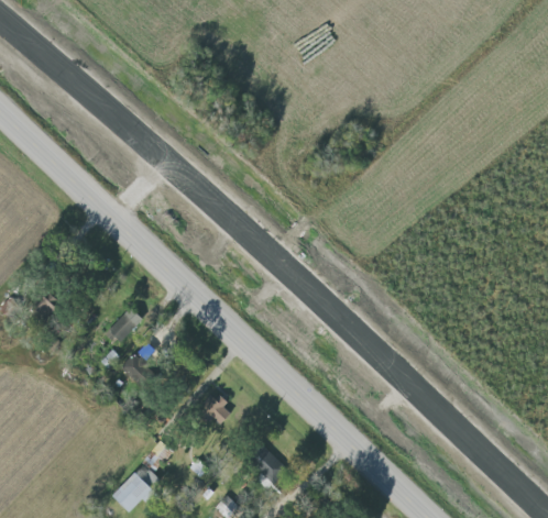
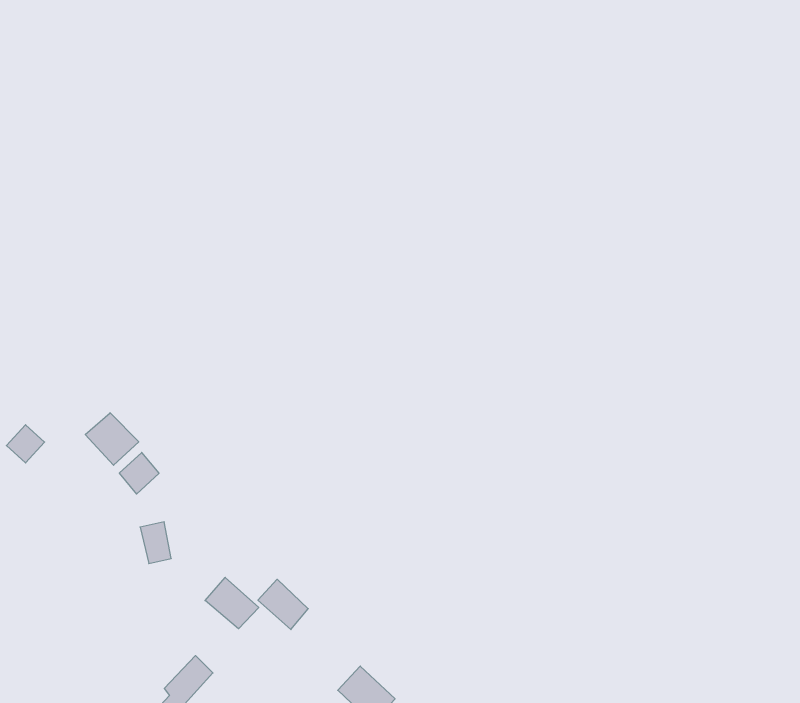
building: none -> [85,413,139,465]
building: none -> [205,577,259,629]

